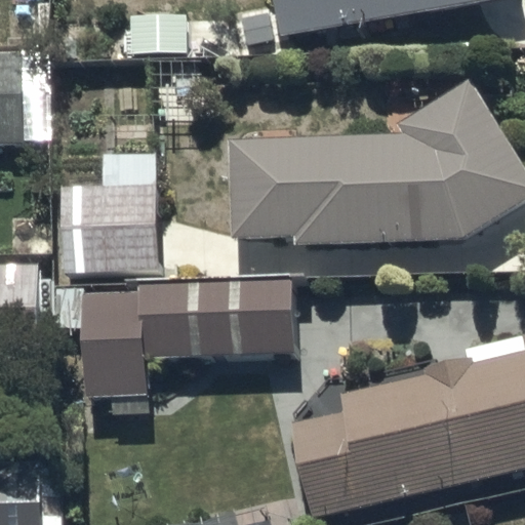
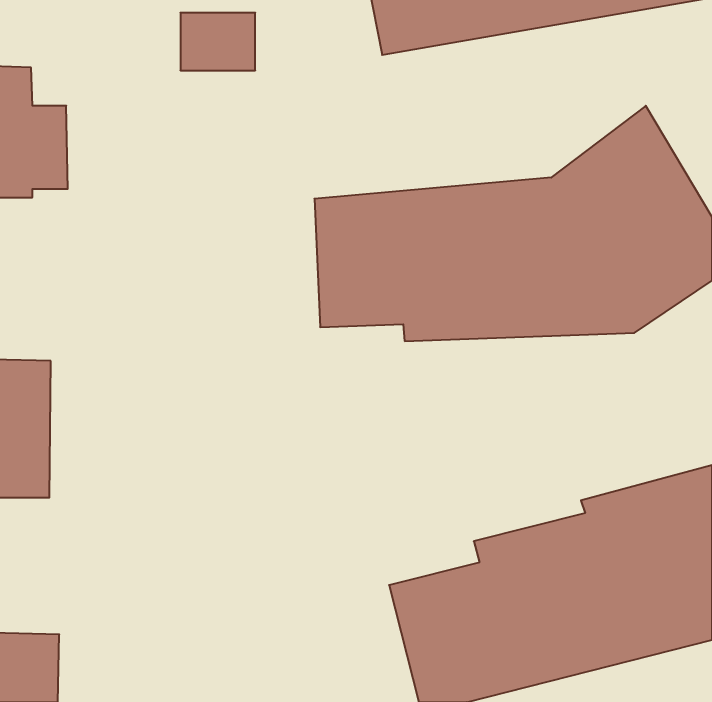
building: [63,152,158,273] -> none
building: [83,278,293,406] -> none

